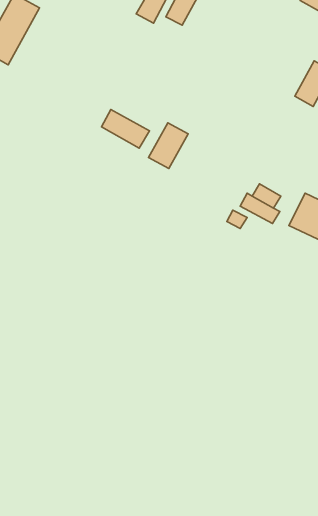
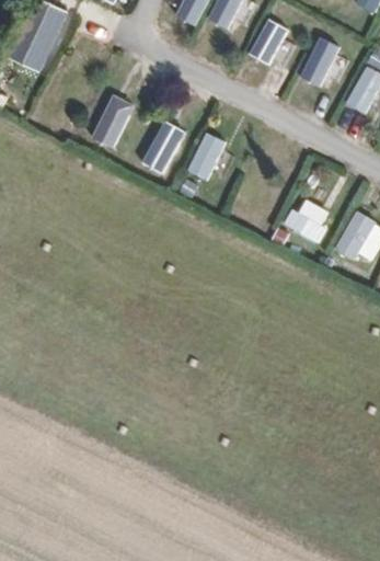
building: none -> [247,19,287,67]
building: none -> [300,36,342,87]
building: none -> [90,93,137,149]

